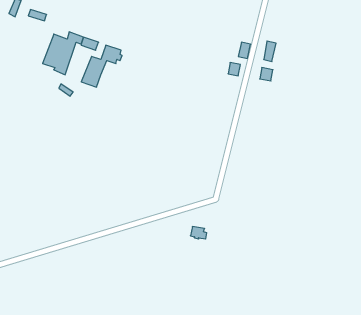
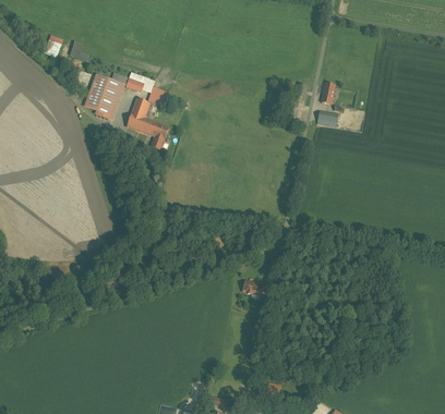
building: none -> [143,120,169,150]

